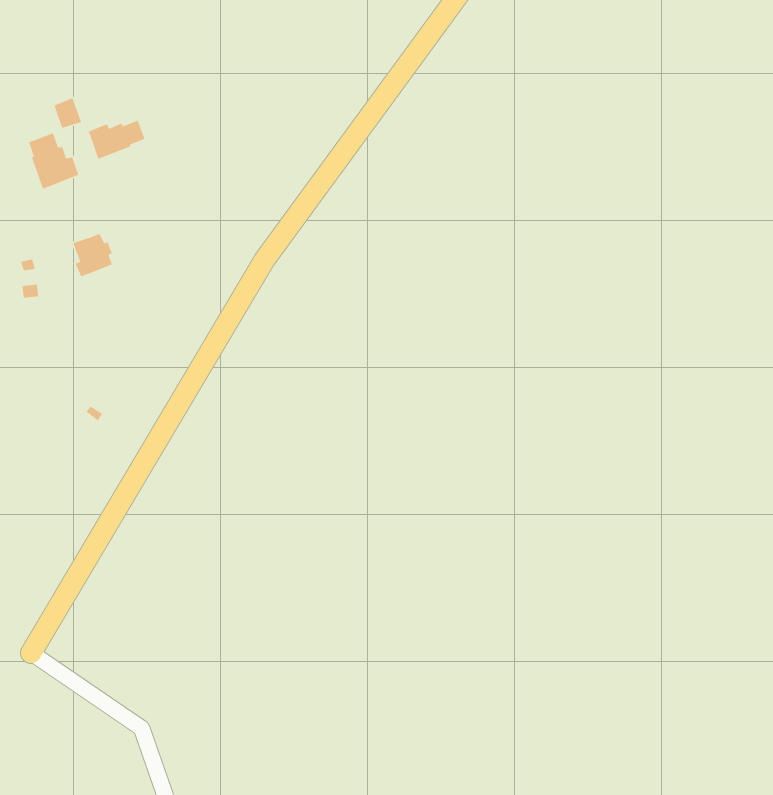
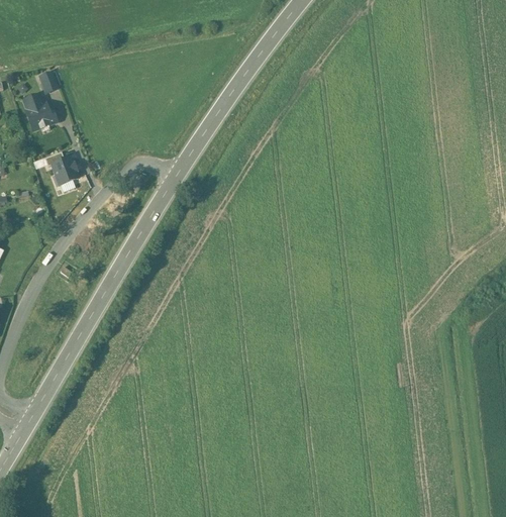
building: [88,120,146,160] -> none

